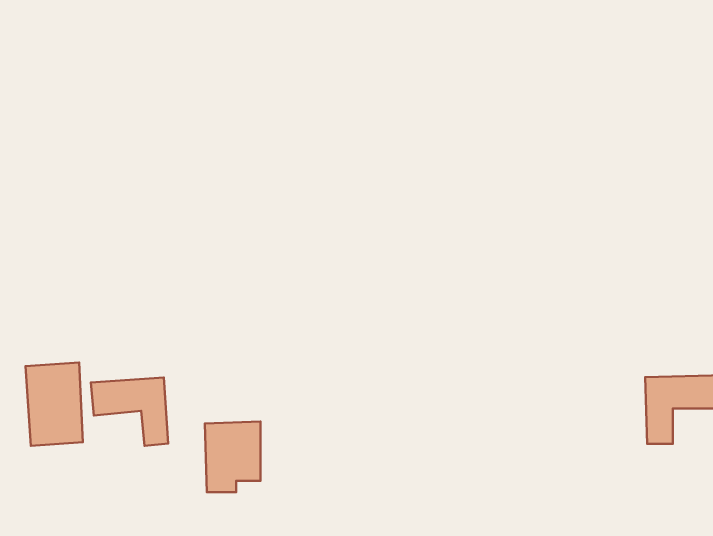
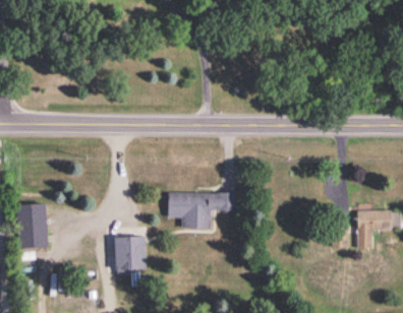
building: none -> [168,192,237,228]
building: [91,377,168,446] -> none

